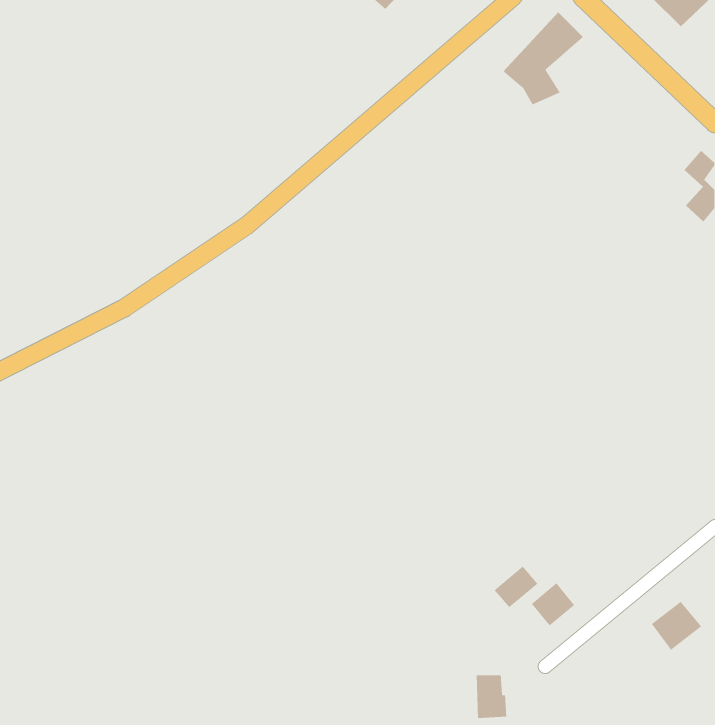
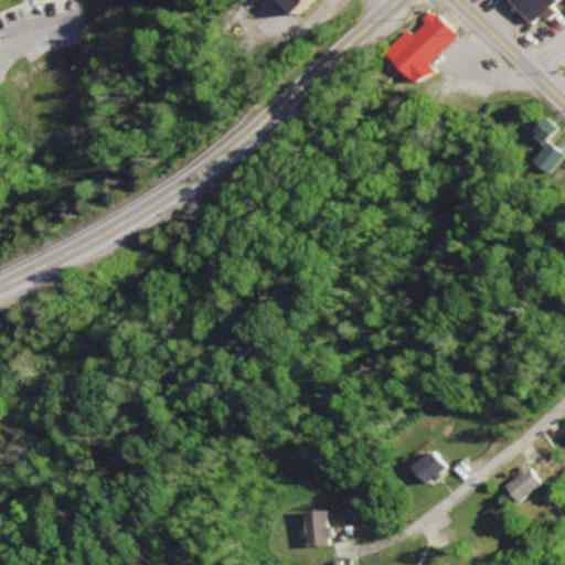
building: [494,566,539,608] -> none
building: [476,674,507,719] -> [302,510,327,544]

